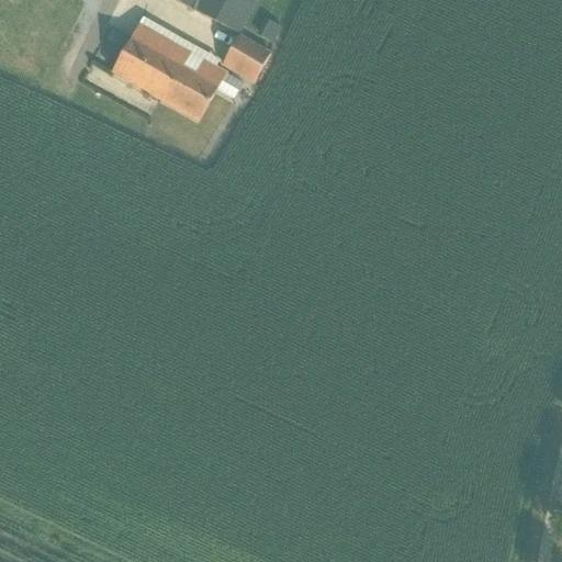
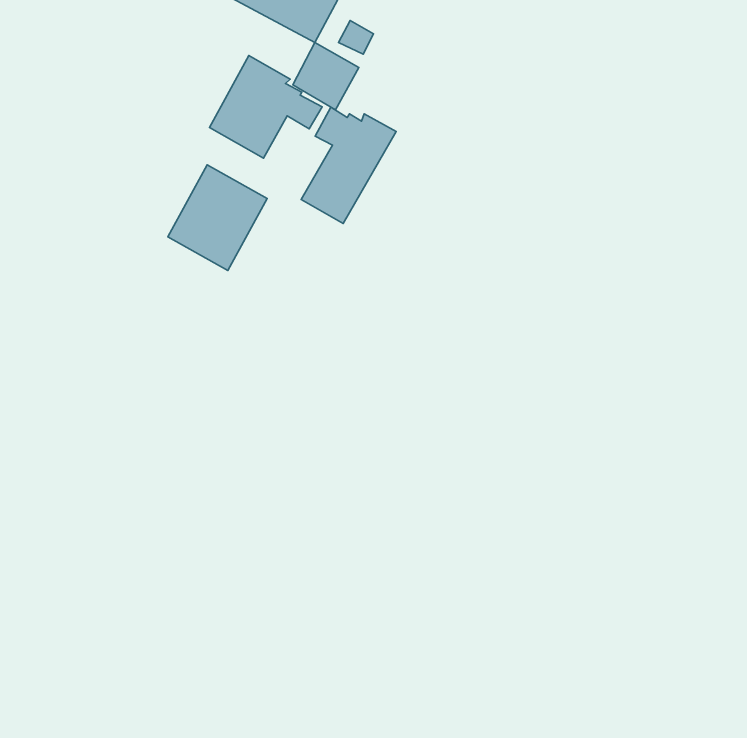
building: [112,16,187,95] -> [168,165,267,270]
building: none -> [301,107,396,223]

